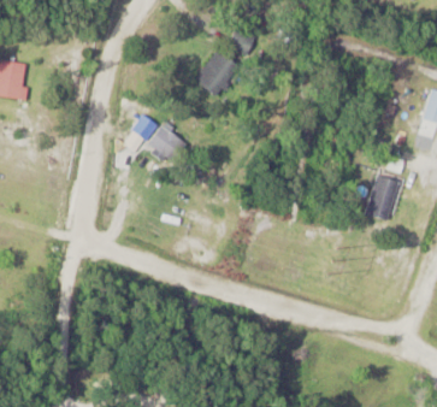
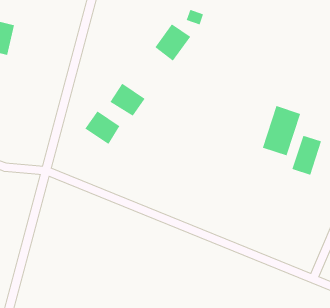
building: none -> [262,105,301,156]
building: none -> [84,110,120,145]

